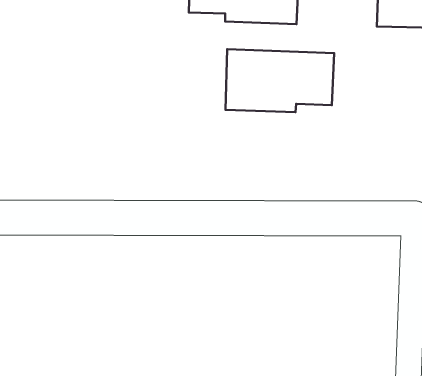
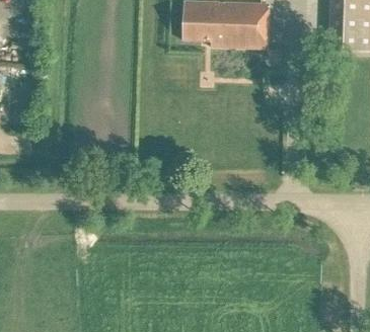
building: [226,49,334,112] -> none

